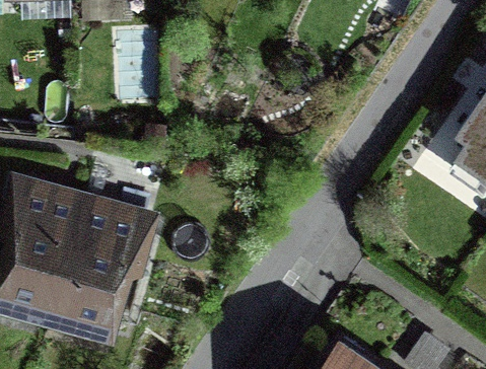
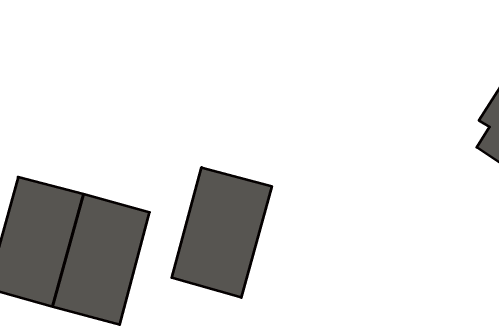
building: none -> [172,167,272,298]

